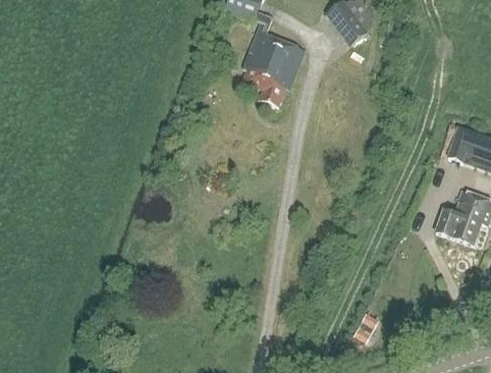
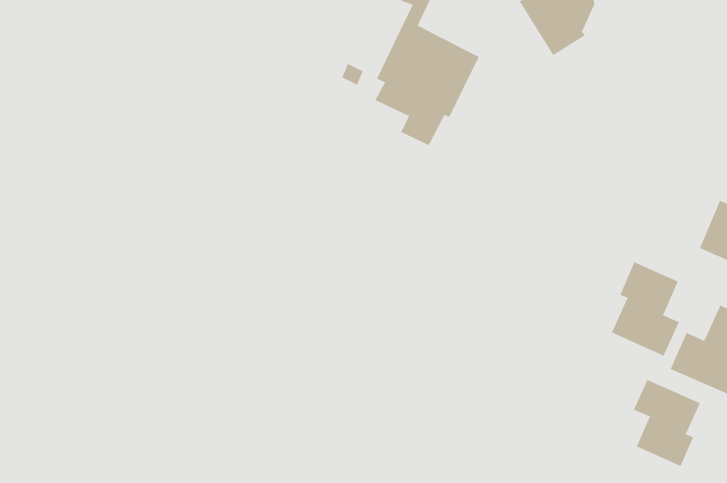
building: none -> [611,262,679,356]
building: none -> [633,379,701,467]

